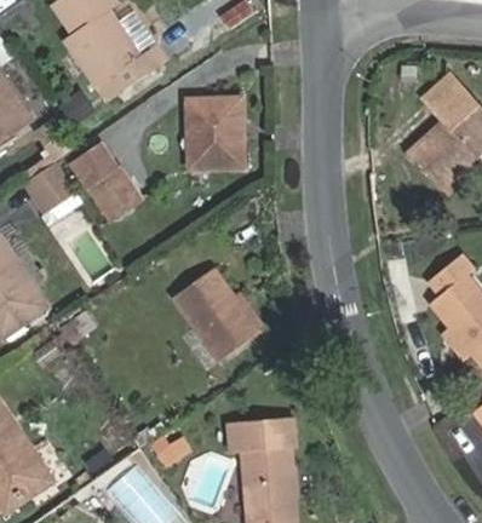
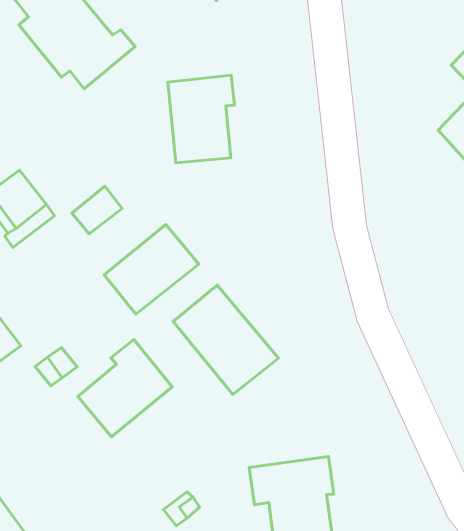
building: [71,145,126,201] -> none
building: none -> [104,225,199,314]
building: none -> [78,339,172,437]

